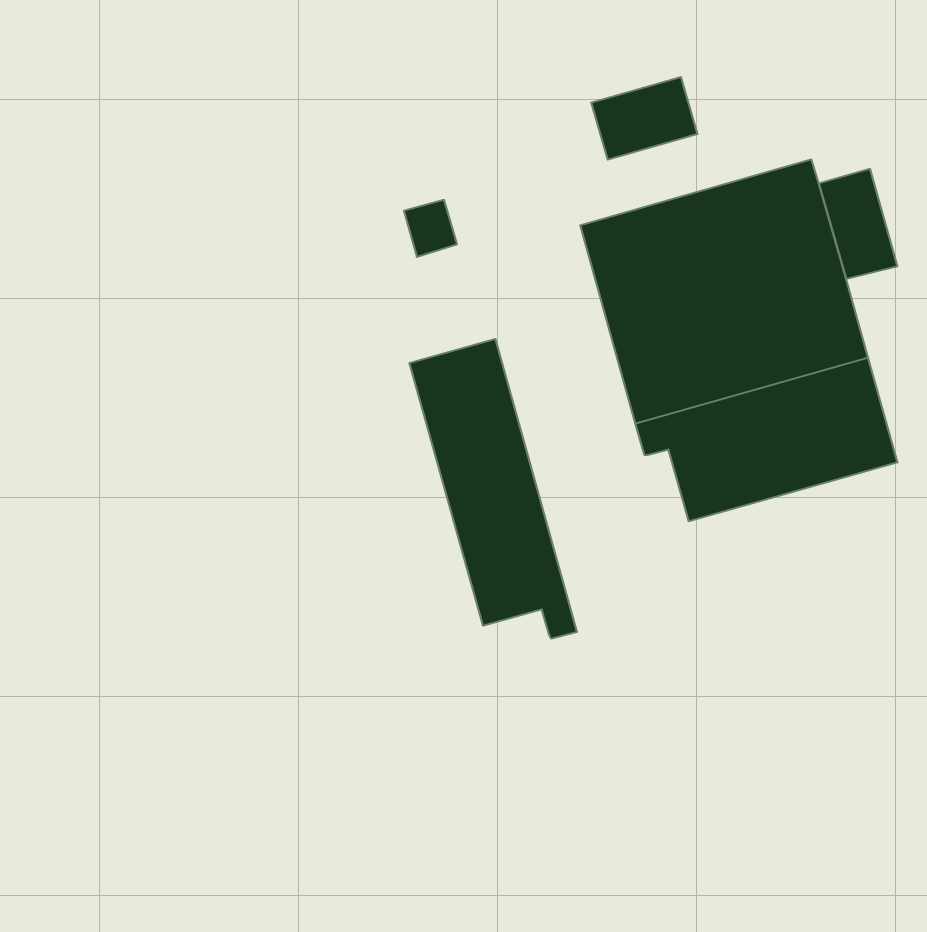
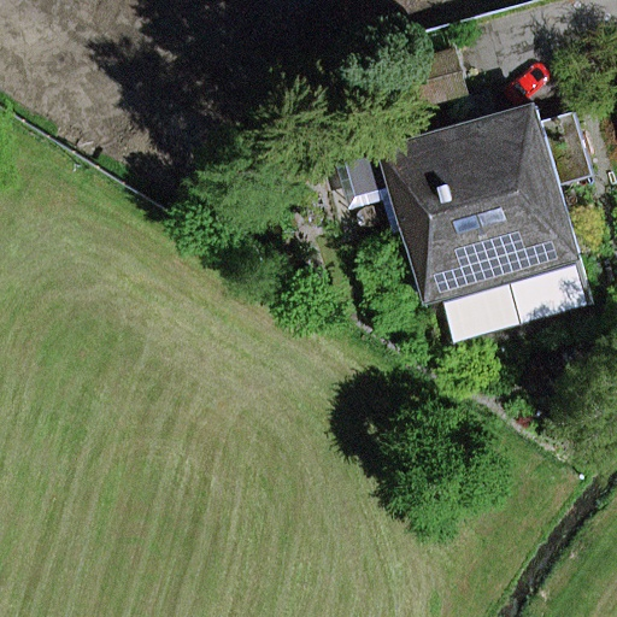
building: [409,339,577,639] -> none

